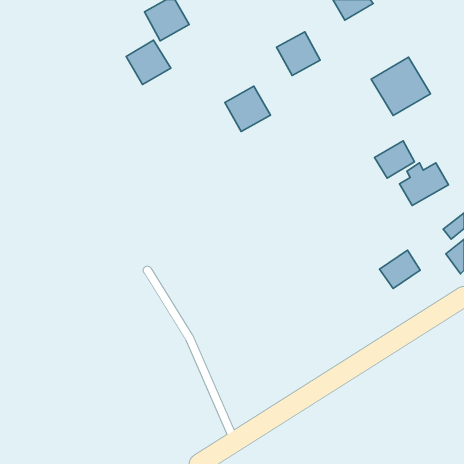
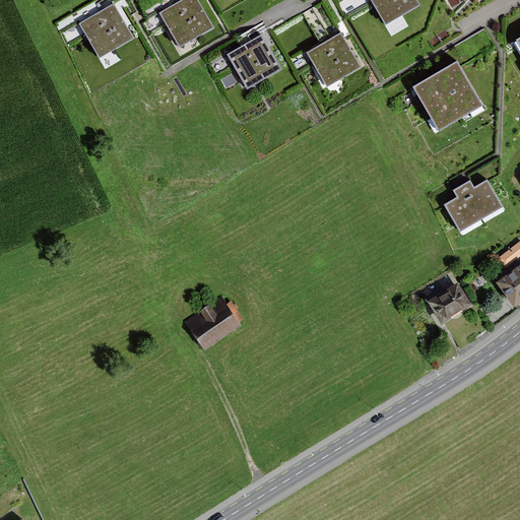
building: [126,40,171,85] -> [81,6,131,56]
building: [225,86,270,132] -> [229,37,279,87]
building: [374,141,415,178] -> none
building: none -> [183,296,240,350]

